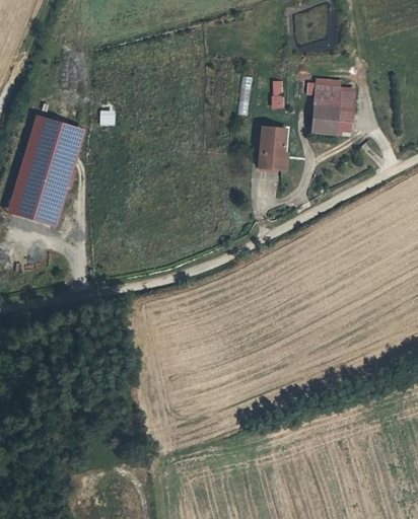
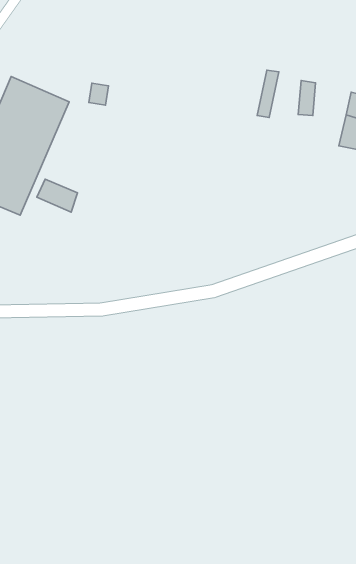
building: [260,128,287,169] -> none
building: none -> [37,179,77,212]

